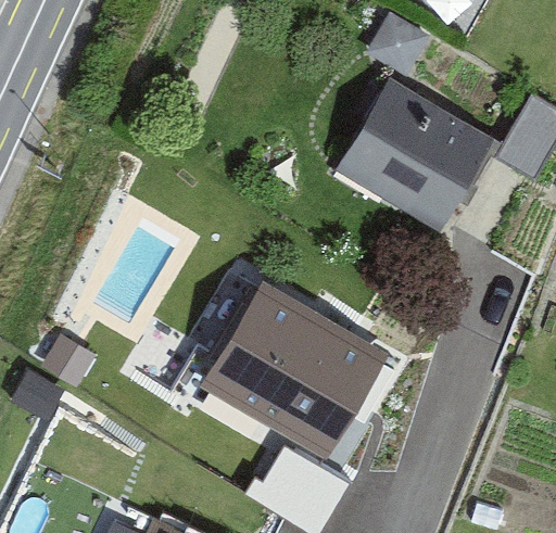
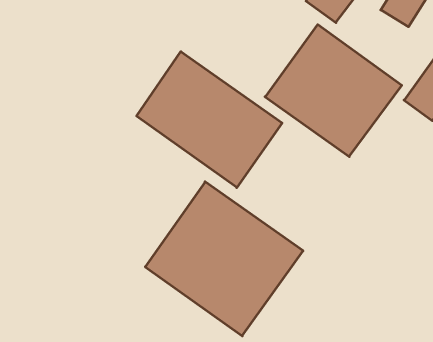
building: none -> [137,52,282,188]

